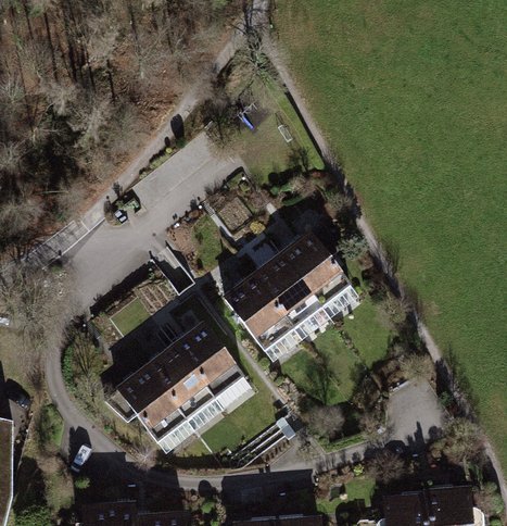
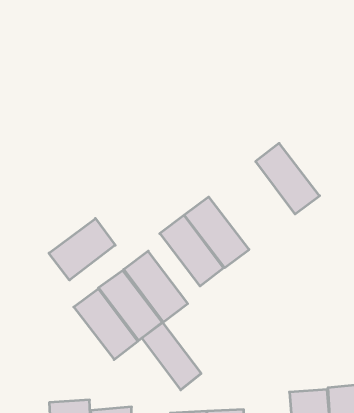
building: [281,229,360,317] -> [256,143,320,214]
building: none -> [49,218,115,280]
building: none -> [142,323,201,390]

